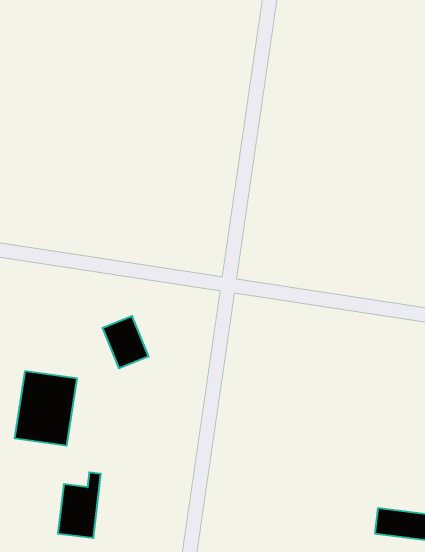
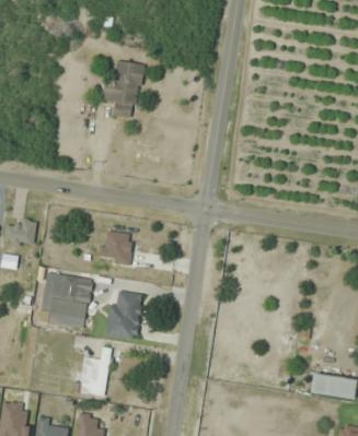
building: none -> [101,60,142,117]
building: none -> [105,292,141,339]

